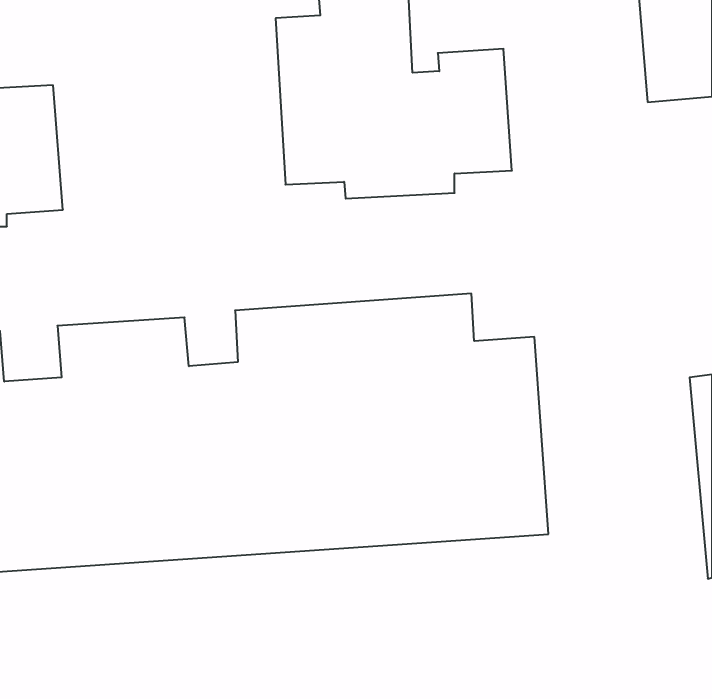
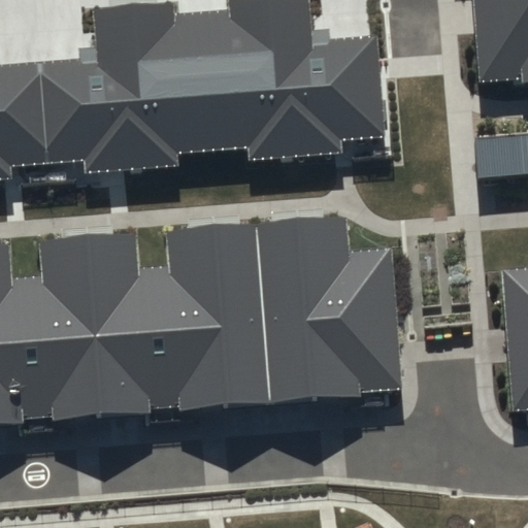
building: none -> [54,4,195,161]

